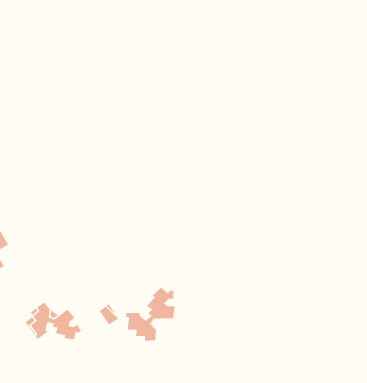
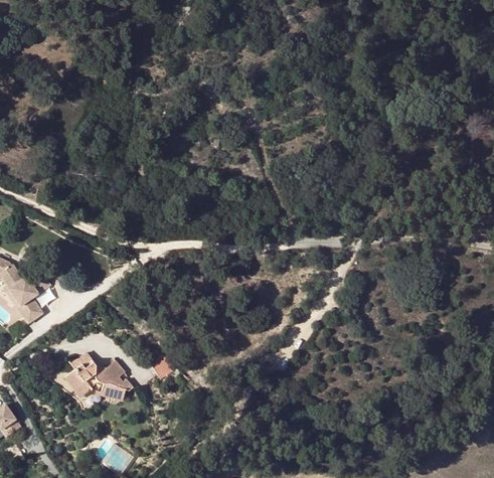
building: [125,287,176,342] -> none

